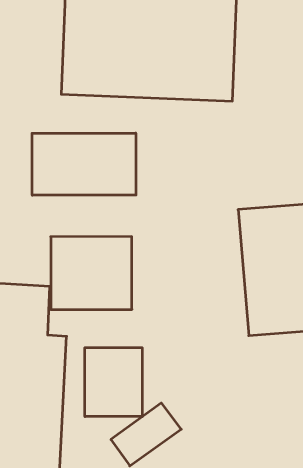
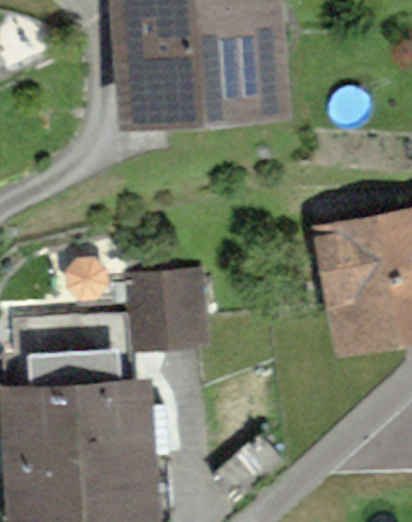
building: [32,133,136,195] -> none
building: [85,348,142,417] -> none

